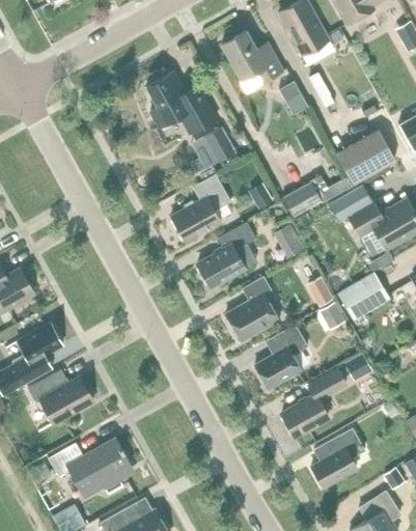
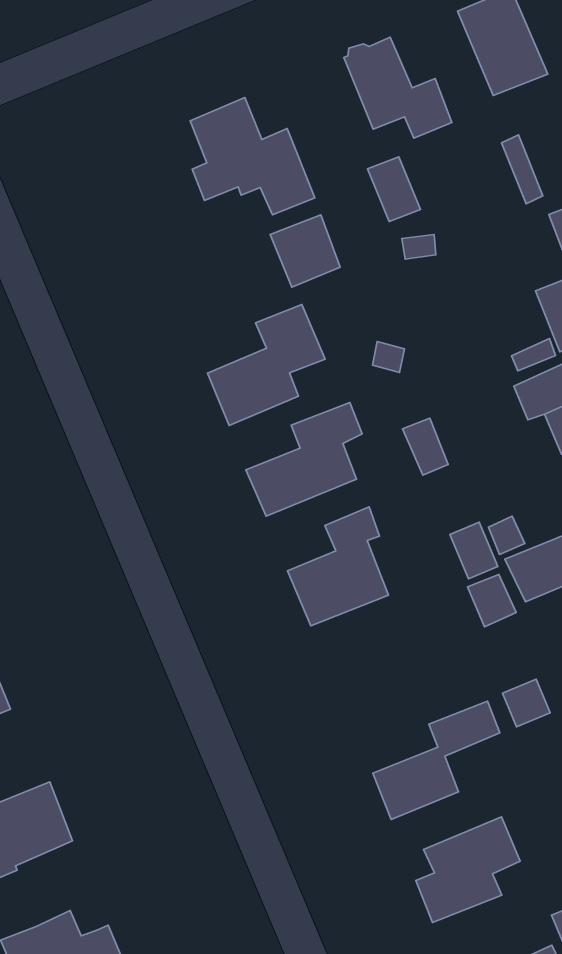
building: [279,81,309,115] -> [367,157,420,222]
building: [282,181,322,216] -> none
building: [254,324,308,388] -> none

